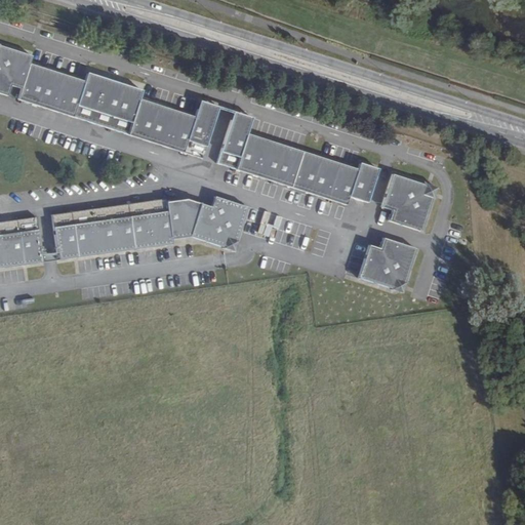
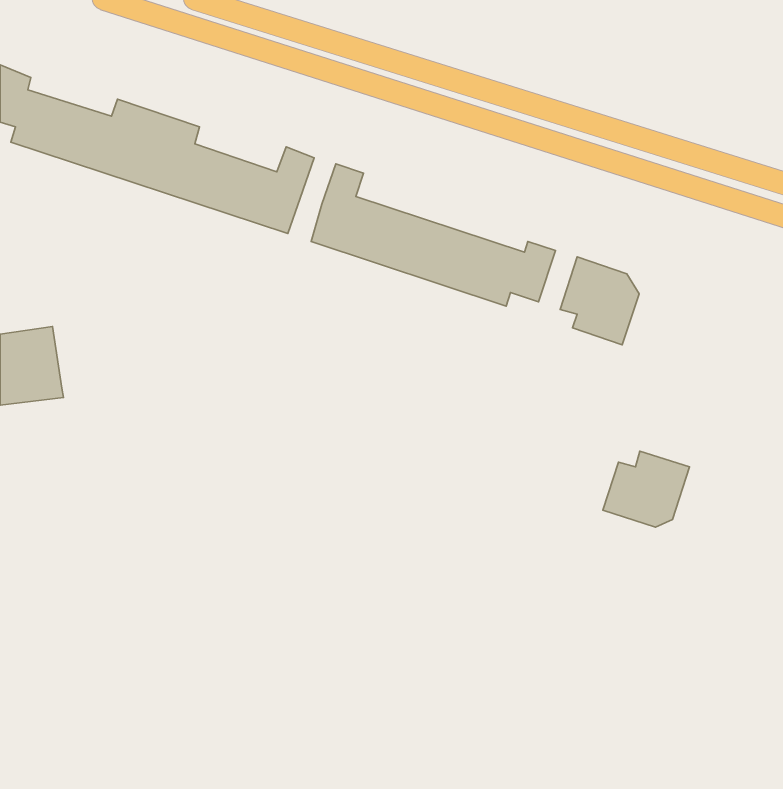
building: [204,105,228,135] -> none
building: [55,198,254,260] -> none
building: [355,233,412,283] -> [603,451,690,527]

